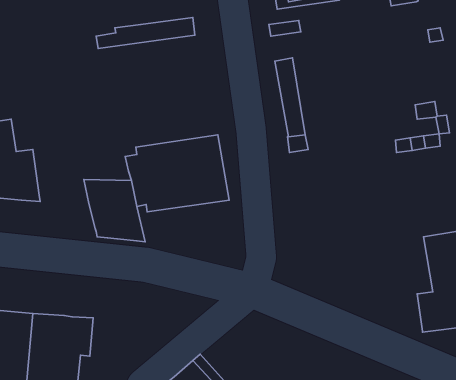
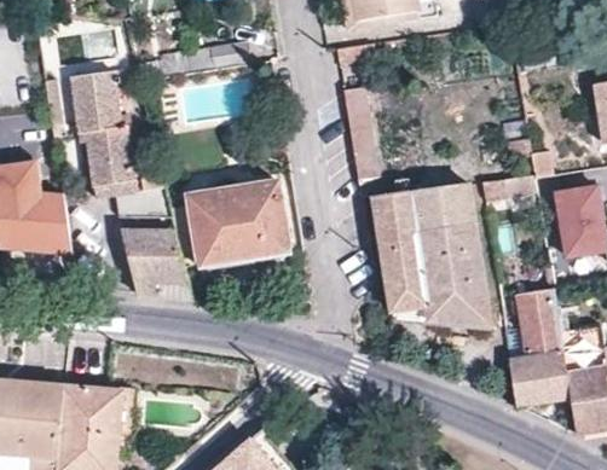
building: none -> [71,70,173,219]
building: none -> [372,182,491,326]

